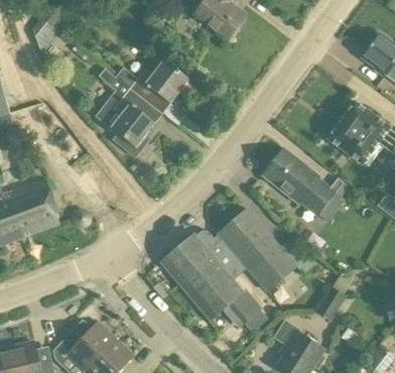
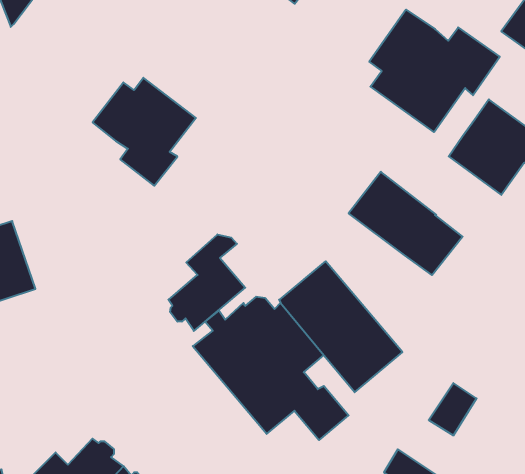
building: none -> [369,10,500,132]
building: [115,59,188,113] -> none
building: none -> [168,234,245,331]

